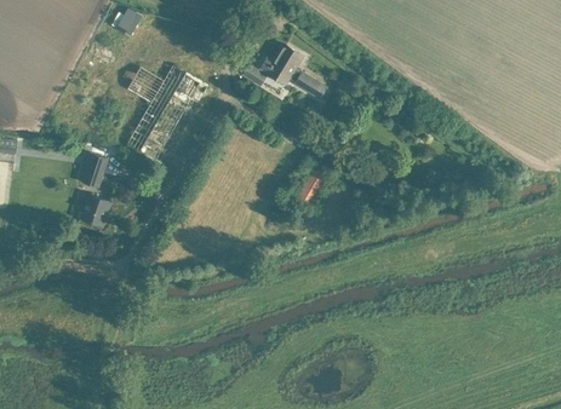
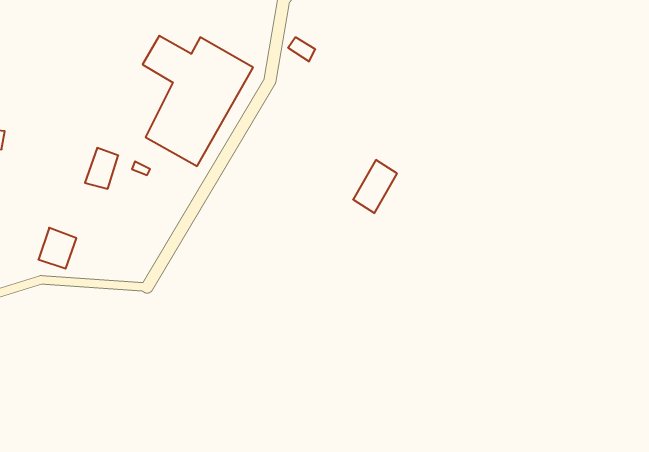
building: [259,44,327,97] -> none
building: [79,194,109,226] -> [38,228,76,269]

